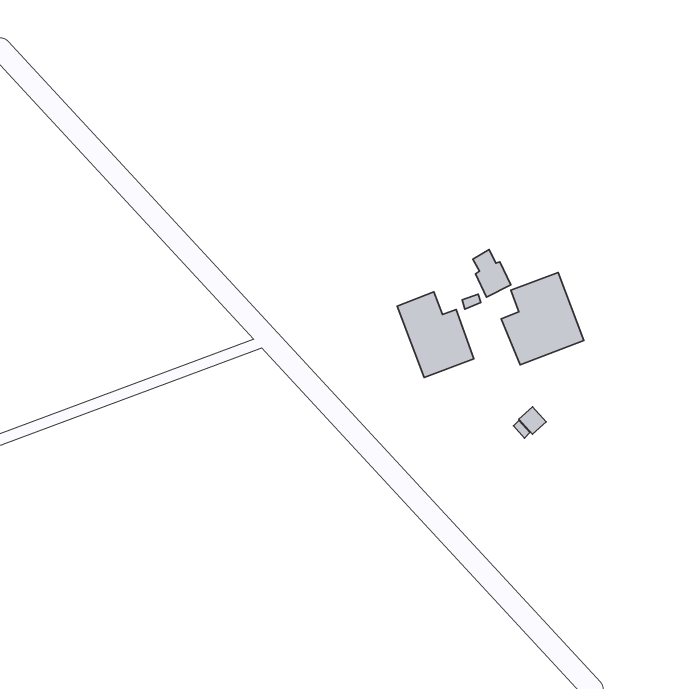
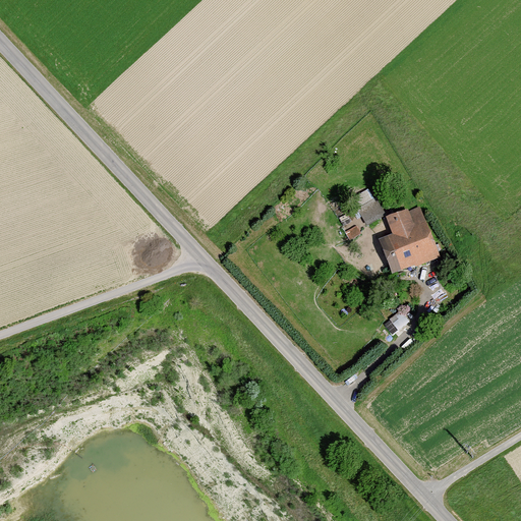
building: [397,292,474,378] -> none

